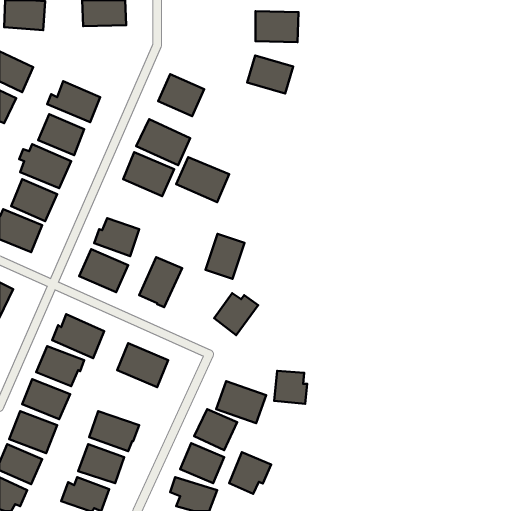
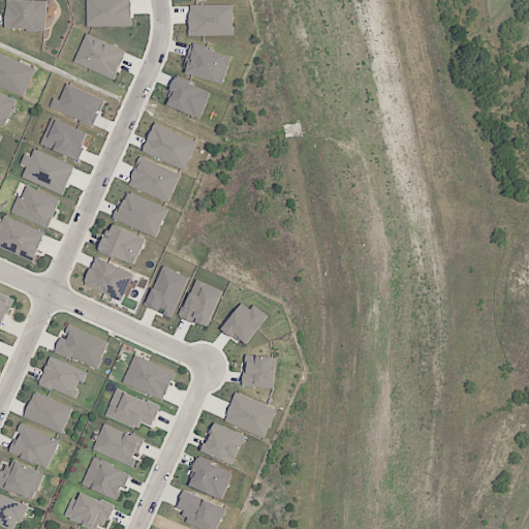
building: [255,11,298,42] -> [188,4,232,36]
building: none -> [72,34,125,80]
building: [247,56,293,94] -> [182,44,229,84]
building: [176,157,229,202] -> [113,191,167,238]
building: [205,234,244,279] -> [180,280,220,326]
building: [274,371,307,404] -> [241,354,275,388]
building: none -> [104,388,159,429]
building: [229,452,271,494] -> none

